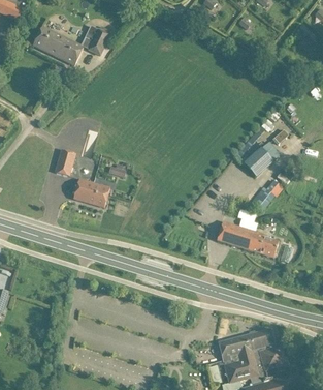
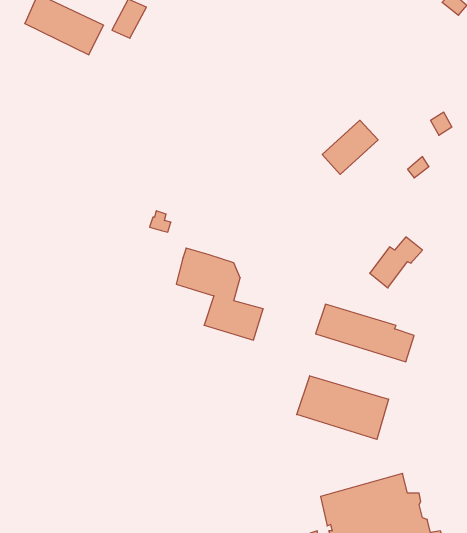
building: [244,142,279,176] -> [322,120,378,174]
building: [55,149,109,207] -> [176,248,263,340]
building: none -> [297,376,389,439]

